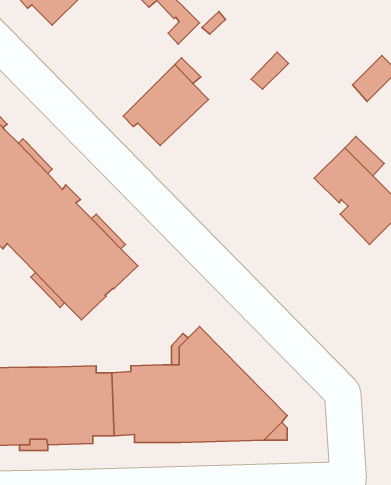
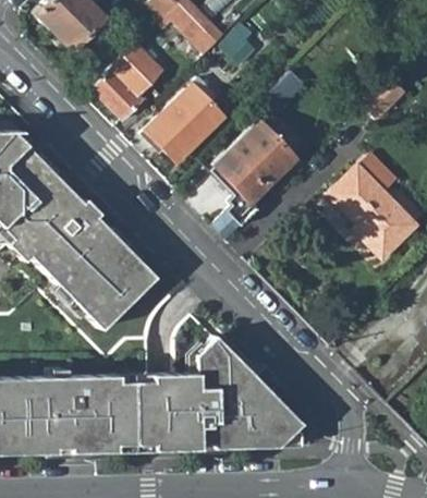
building: none -> [93,44,164,119]
building: none -> [214,121,293,239]

